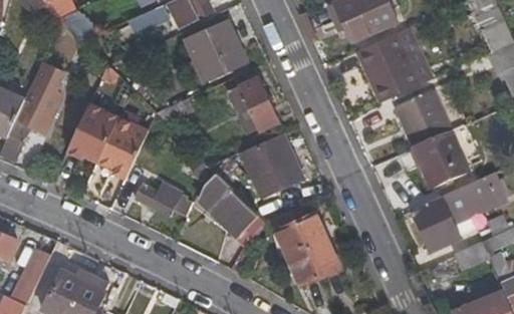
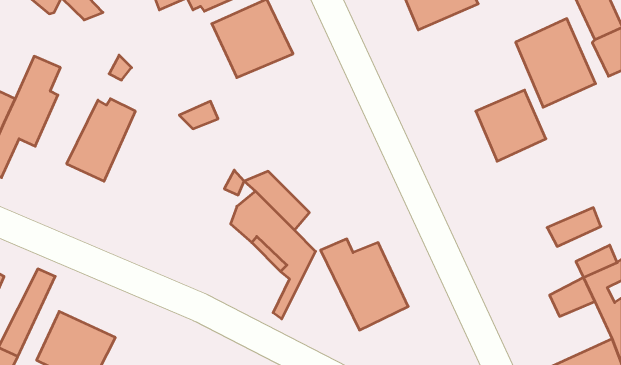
building: [357,31,422,102] -> [516,19,596,107]
building: [226,77,278,134] -> none
building: [96,108,149,178] -> none
building: [412,130,469,189] -> none
building: [252,132,304,191] -> none
building: [135,180,194,216] -> none
building: [411,201,462,255] -> none

